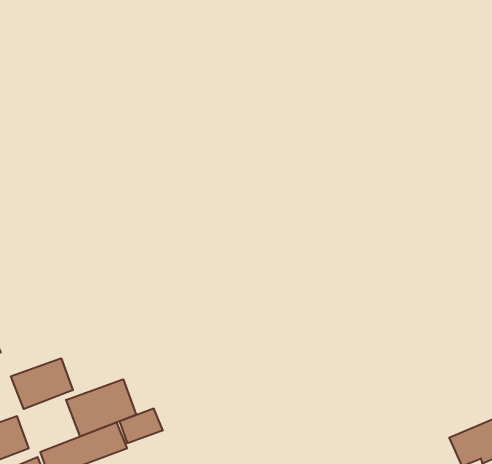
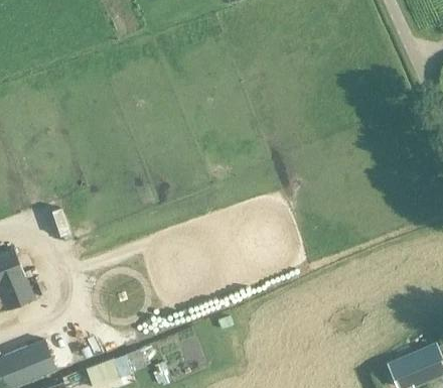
building: [11,358,73,409] -> none
building: [66,379,136,436] -> none

